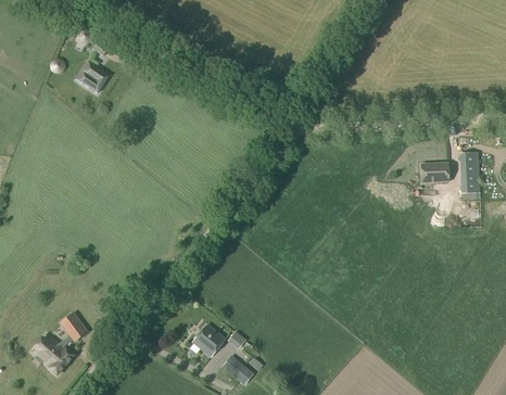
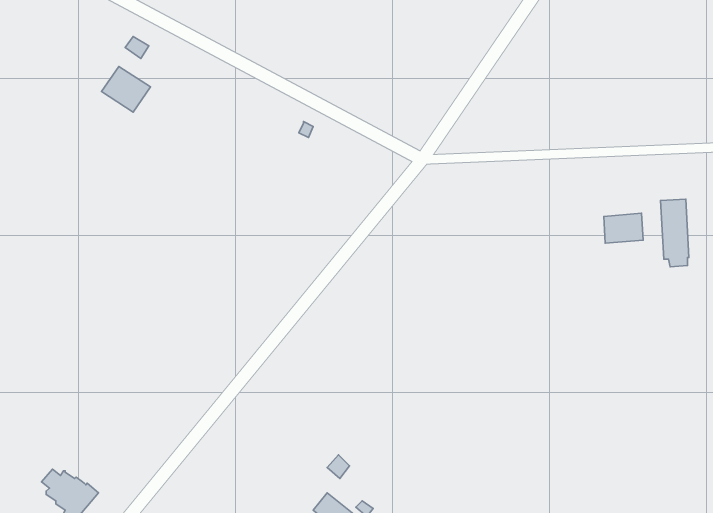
building: [58,311,87,346] -> none
building: [193,324,224,355] -> none

